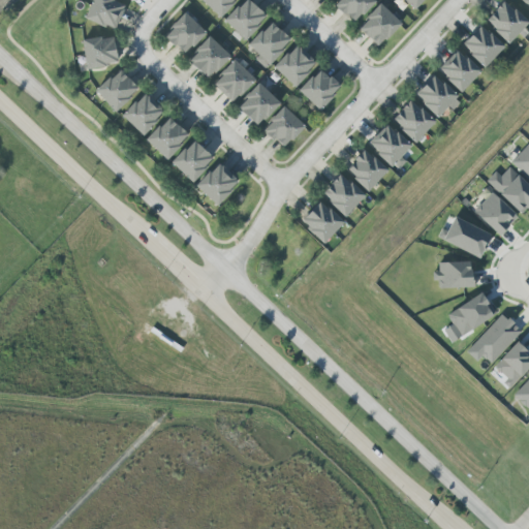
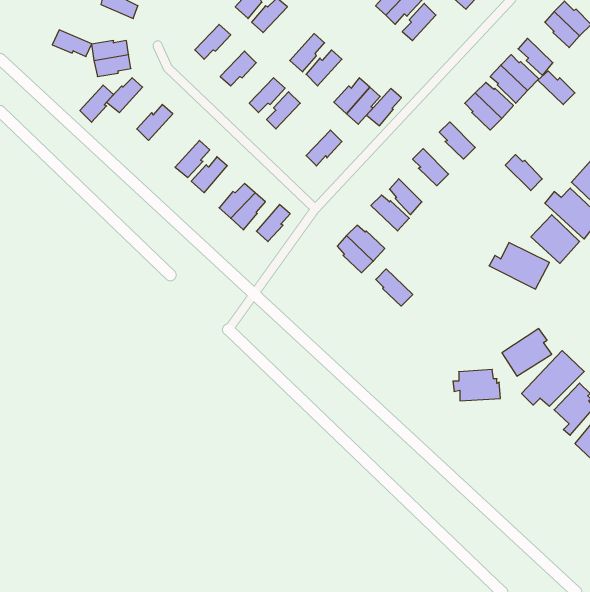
building: [86,4,121,28] -> [52,30,92,57]
building: [237,6,268,39] -> none
building: [166,11,197,44] -> none
building: [370,13,402,45] -> none
building: [250,22,282,54] -> none
building: [472,26,505,56] -> [538,71,575,105]
building: [190,35,220,68] -> none
building: [285,53,316,86] -> [367,89,401,126]
building: [215,59,246,92] -> none
building: [108,77,138,111] -> [80,85,114,122]
building: [248,92,280,124] -> none
building: [403,99,436,131] -> [505,155,542,191]
building: [134,101,165,134] -> none
building: [266,105,297,138] -> none
building: [148,117,180,149] -> none
building: [379,123,412,155] -> none
building: [184,148,214,181] -> [256,204,290,242]
building: [356,150,390,180] -> none
building: [323,183,356,216] -> [376,269,413,306]
building: [434,260,476,288] -> [453,369,500,401]

